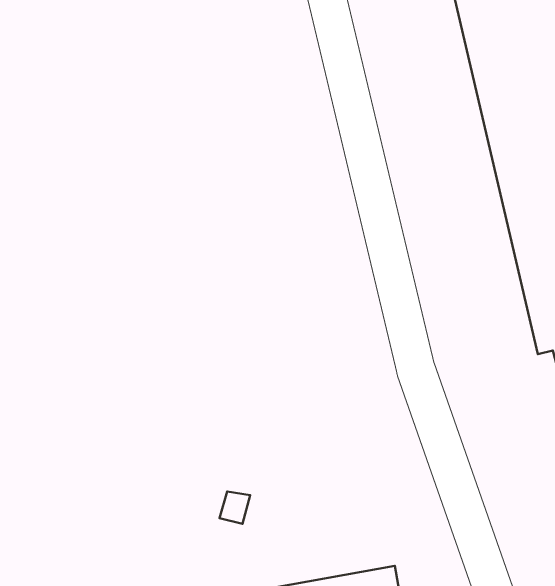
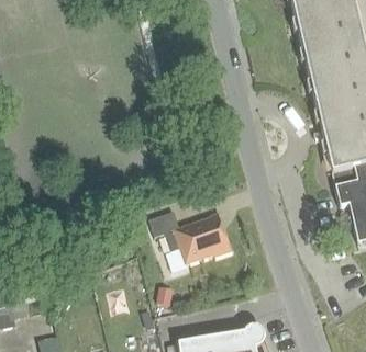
building: none -> [149,209,233,261]

